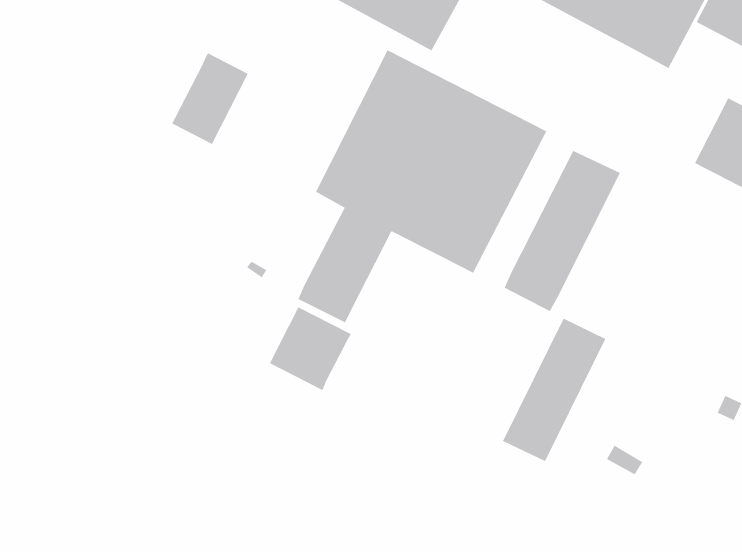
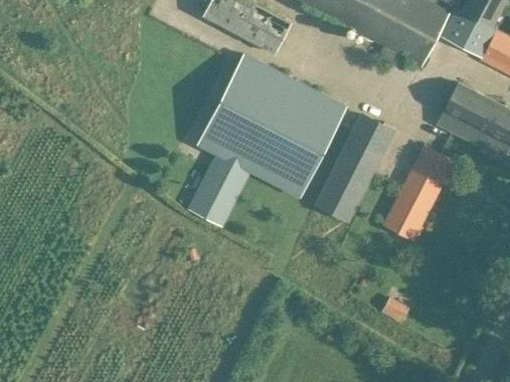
building: [171,52,248,145] -> none
building: [269,306,351,391] -> none
building: [502,318,606,462] -> [386,147,452,237]

